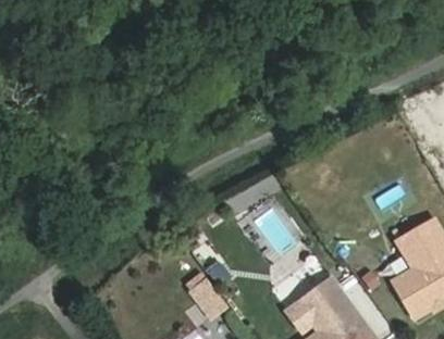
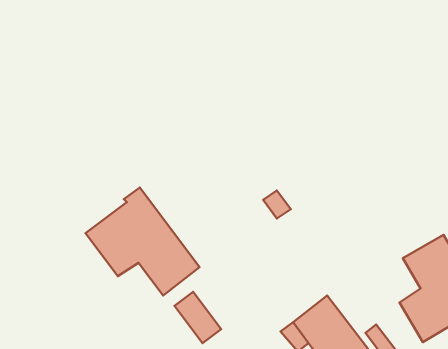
building: none -> [85,187,200,295]

